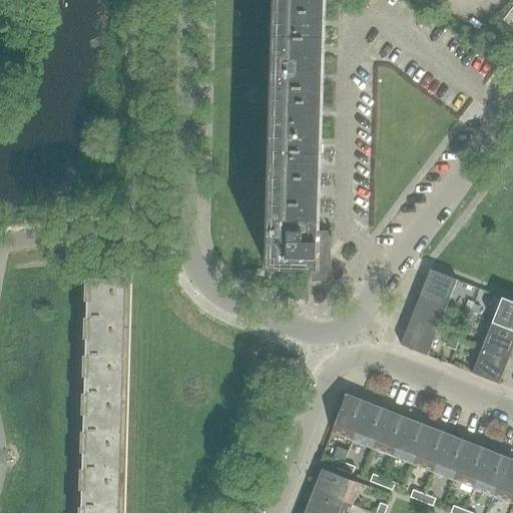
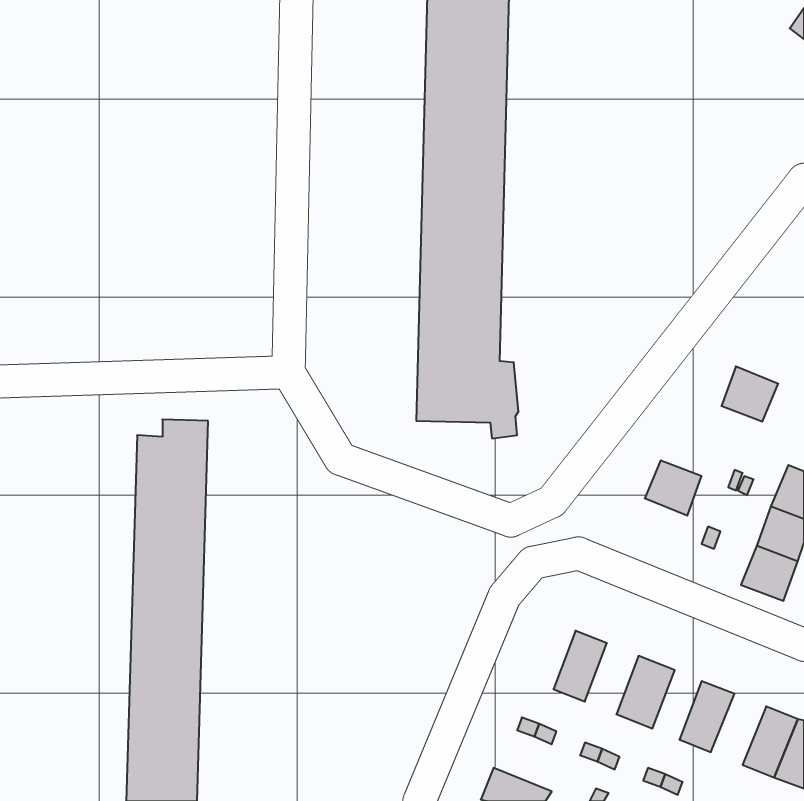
building: [420,268,456,303] -> [721,366,778,422]
building: [399,317,437,354] -> none
building: [331,393,366,438] -> none
building: [372,409,406,454] -> none
building: [415,426,446,470] -> none
building: [452,441,487,486] -> none
building: [314,467,359,503] -> none

